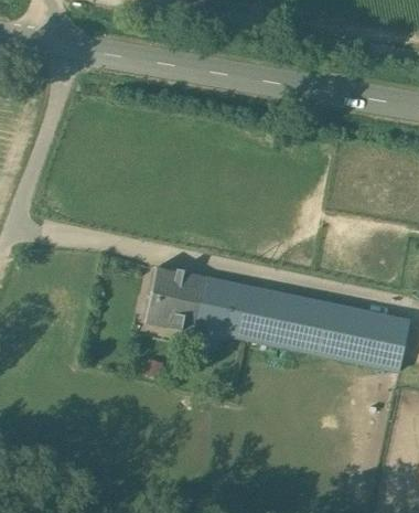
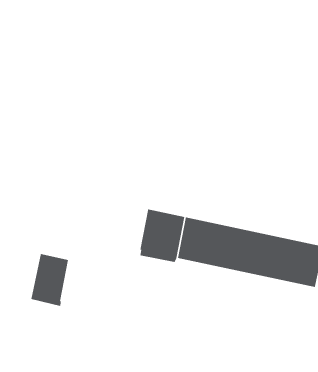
building: [146,267,193,332] -> [30,254,69,306]

